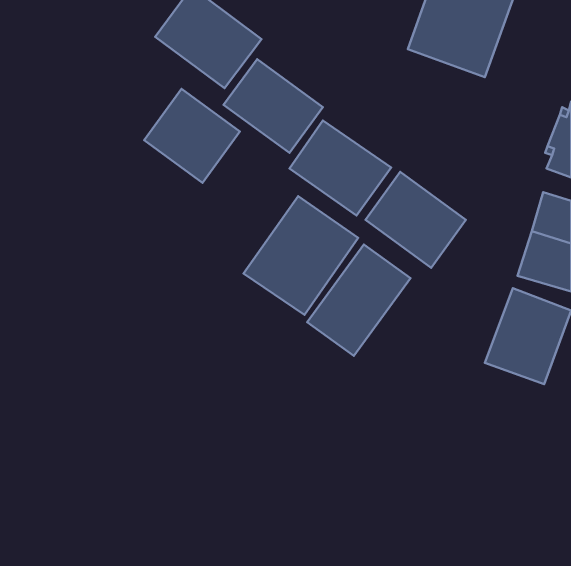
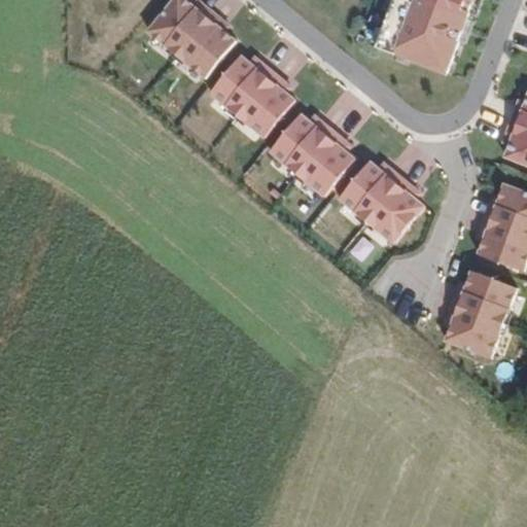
building: [144,89,240,183] -> none
building: [243,196,358,315] -> none
building: [307,245,410,356] -> none

